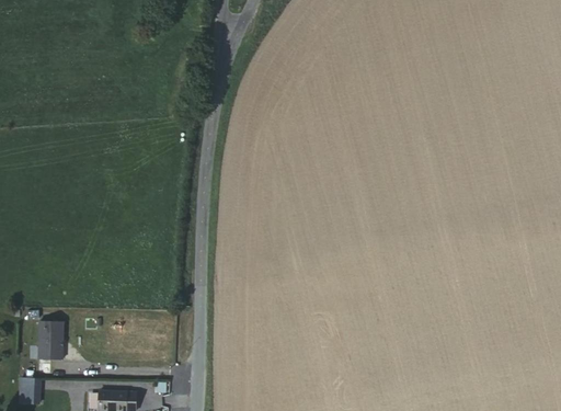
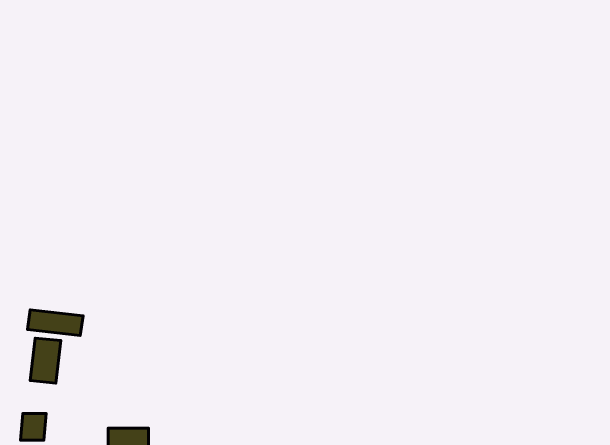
building: none -> [27,310,83,336]

